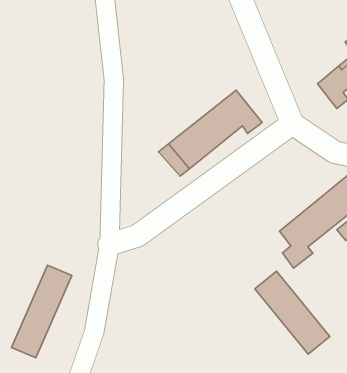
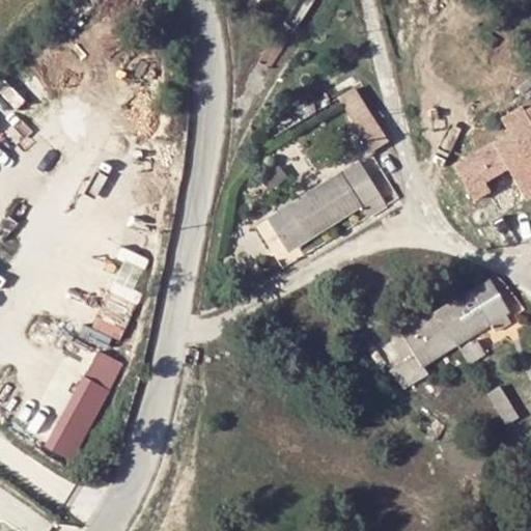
building: none -> [339,87,388,156]
building: [255,271,330,354] -> none

